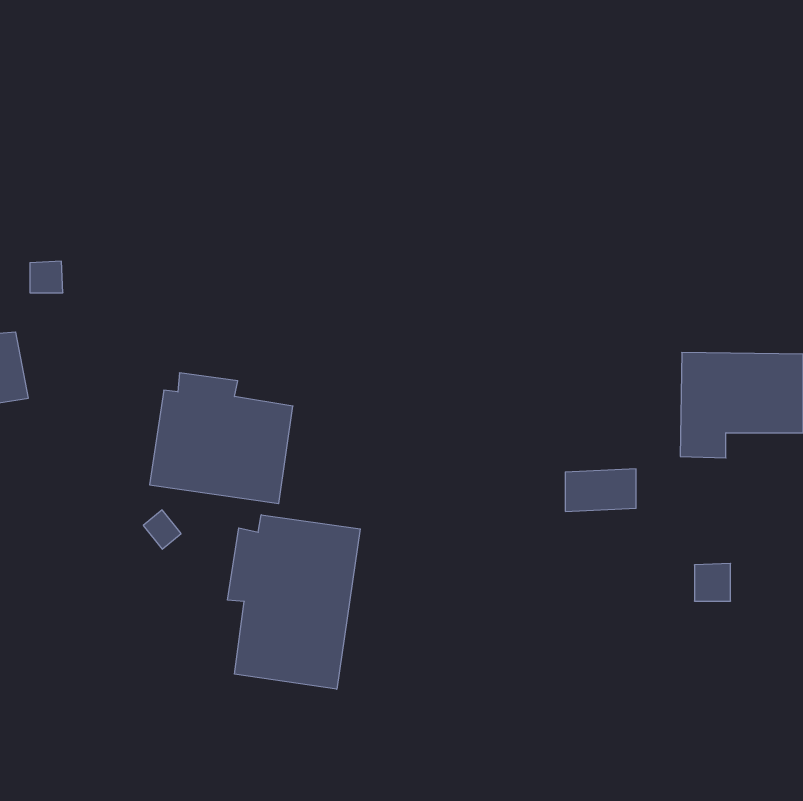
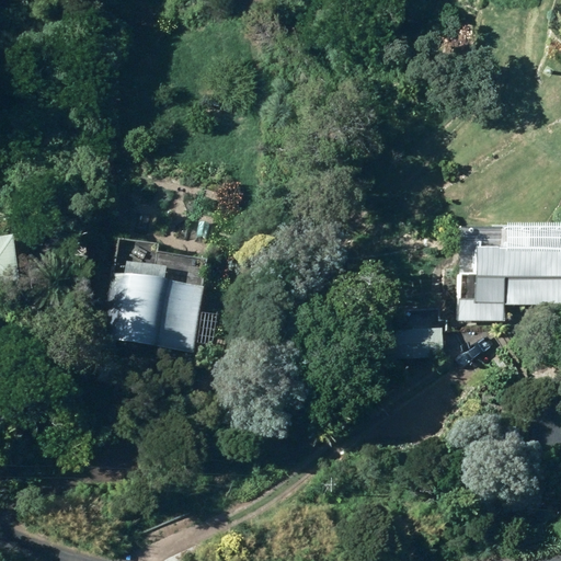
building: [228,515,360,689] -> none

